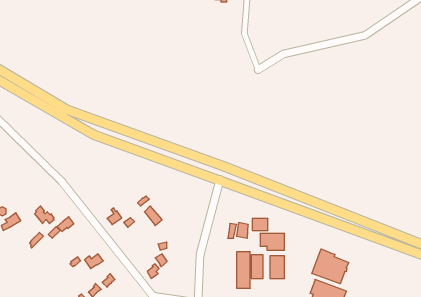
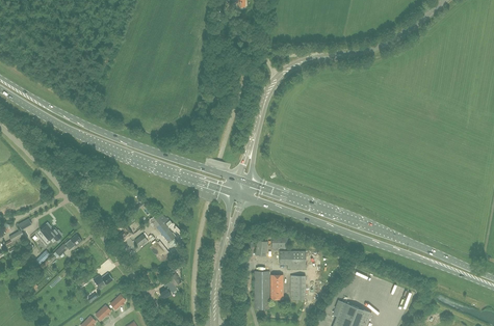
building: [312,249,349,284] -> none

